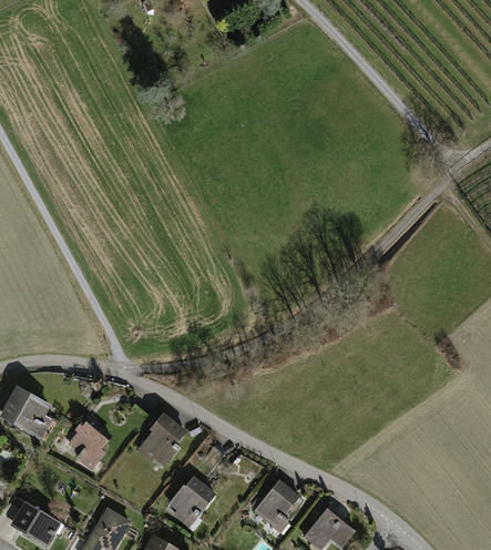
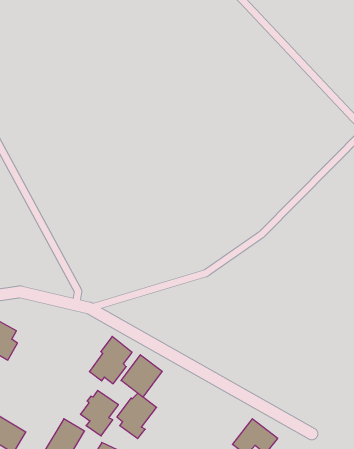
building: [68,417,112,470] -> [80,390,118,436]
building: none -> [121,355,162,397]
building: [255,480,300,532] -> none

